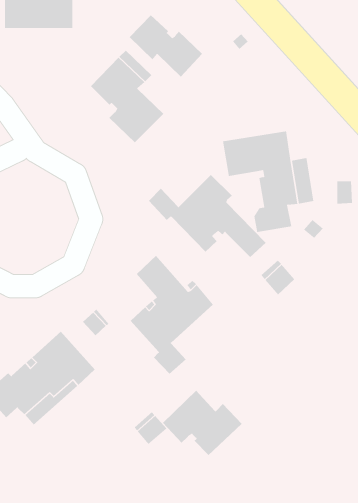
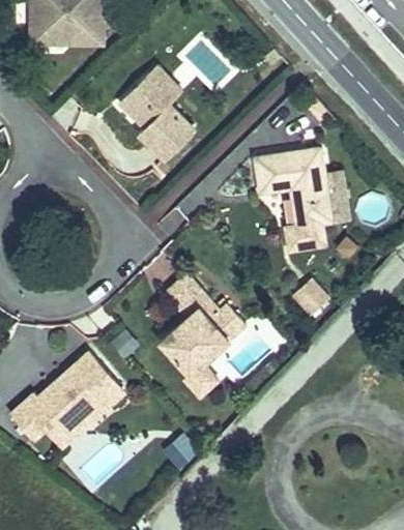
building: [129,14,203,78] -> none
building: [148,174,267,258] -> none
building: [162,390,242,456] -> none

